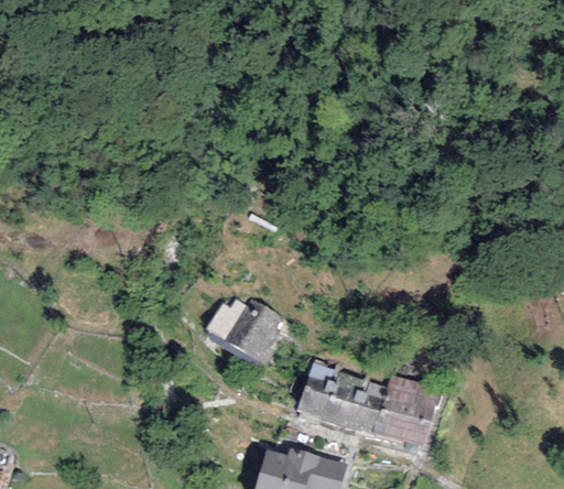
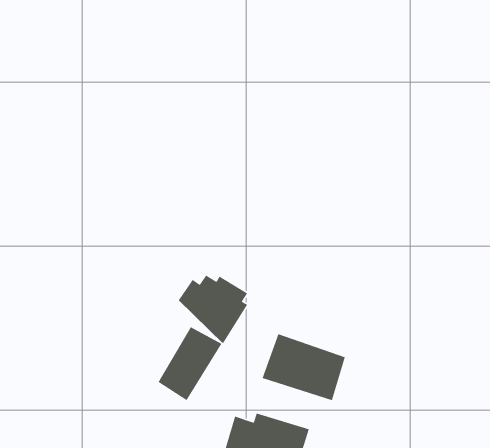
building: none -> [158,326,222,401]
building: [371,376,441,447] -> none

